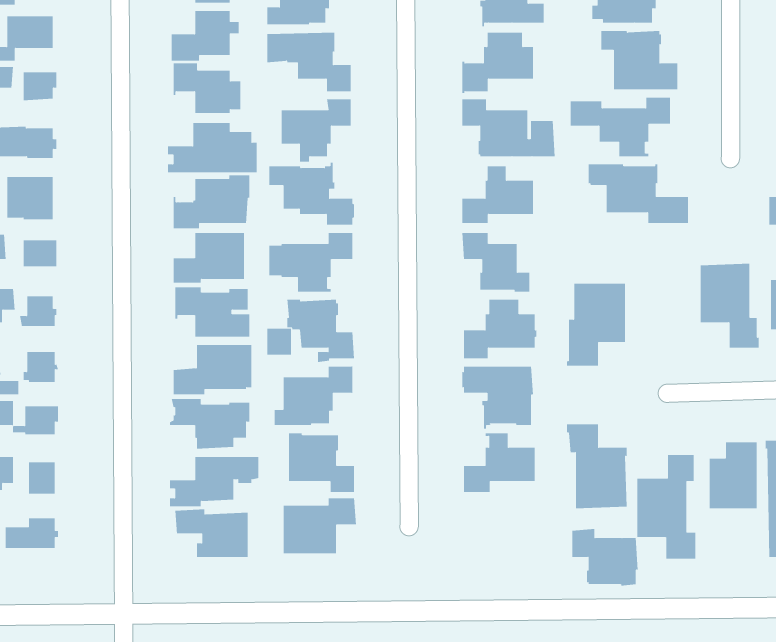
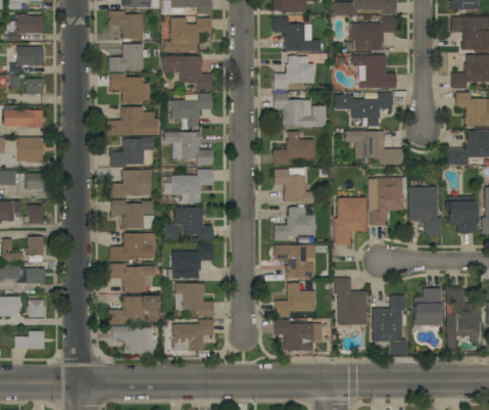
building: none -> [369,178,406,226]
building: [572,529,638,586] -> [276,319,313,352]

